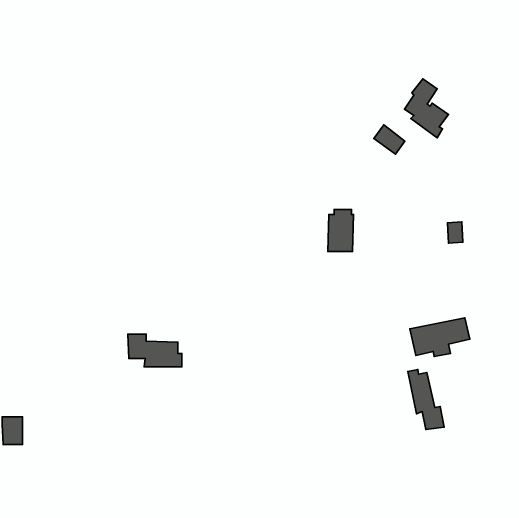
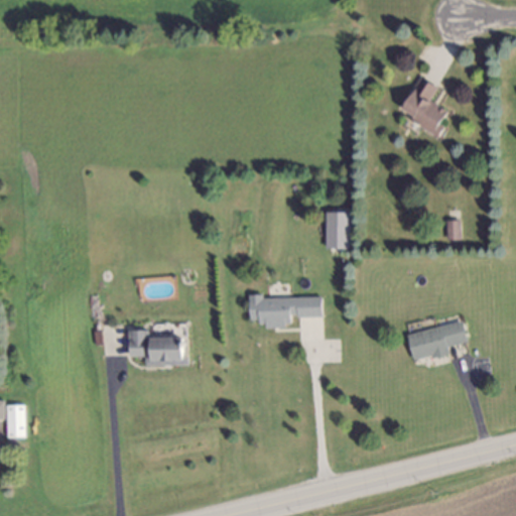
building: [374,125,405,154] -> none
building: none -> [250,292,321,326]
building: [408,370,444,430] -> none

